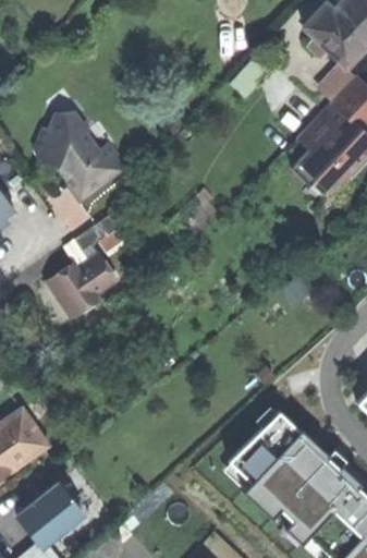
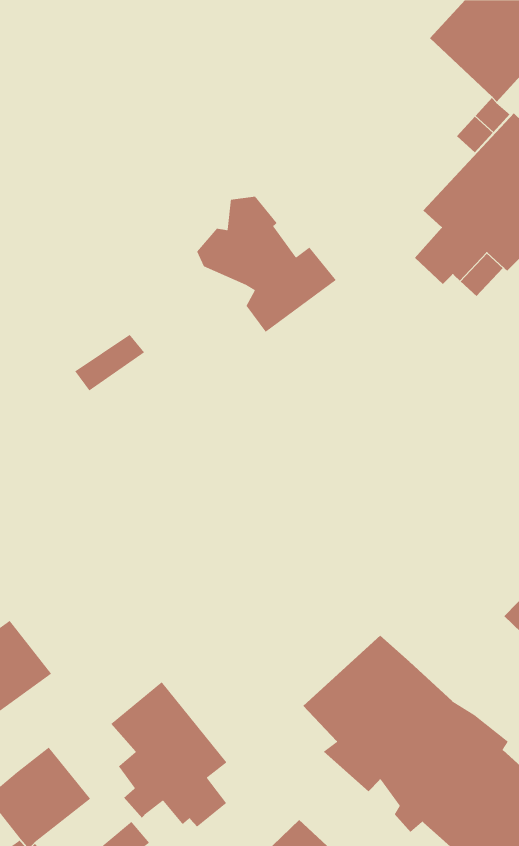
building: [36,113,126,202] -> [196,196,337,333]
building: [46,256,117,322] -> none
building: none -> [110,681,227,828]

